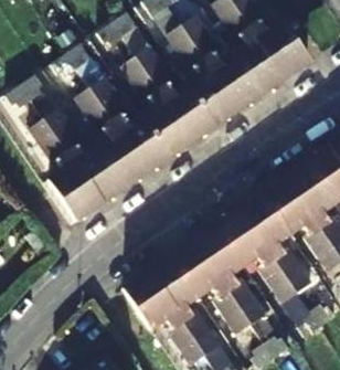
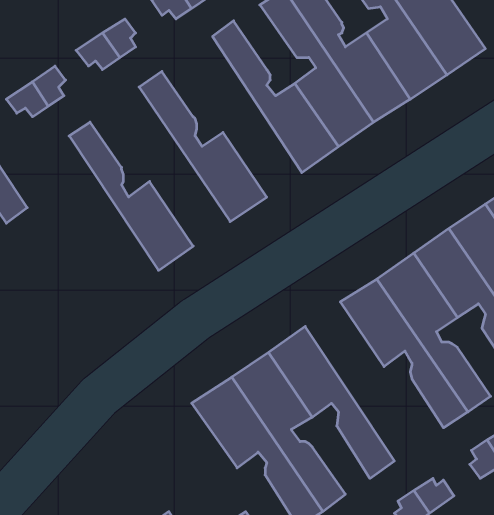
building: [123,56,194,158] -> none
building: [76,88,149,189] -> none
building: [31,119,104,221] -> none
building: [196,224,267,325] -> none

